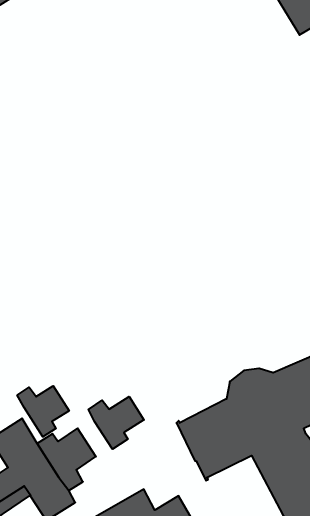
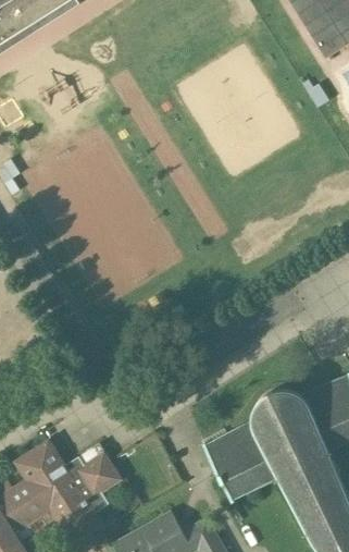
building: [17,386,69,437] -> none
building: [88,397,144,449] -> none

